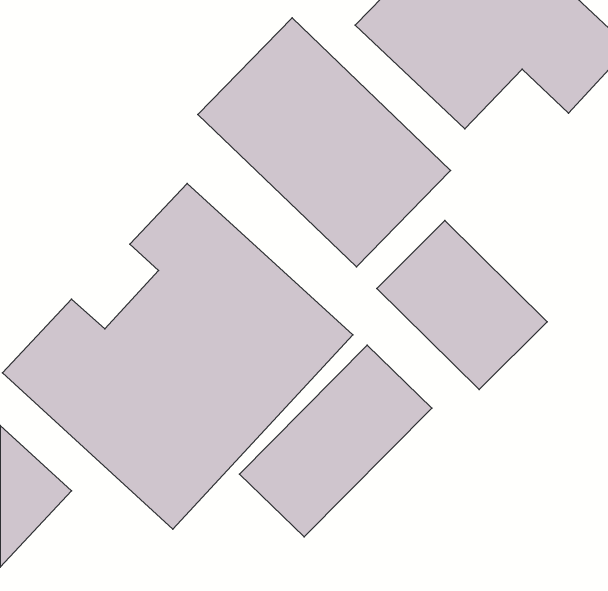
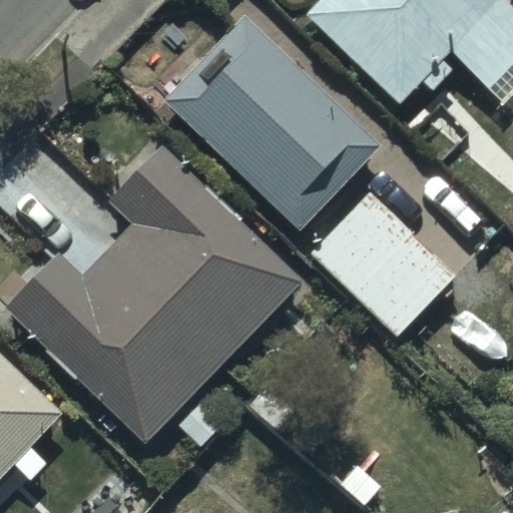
building: [240,345,432,537] -> none

